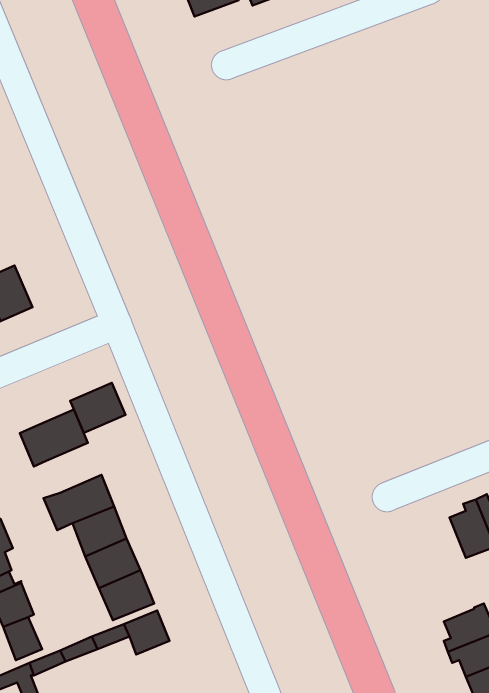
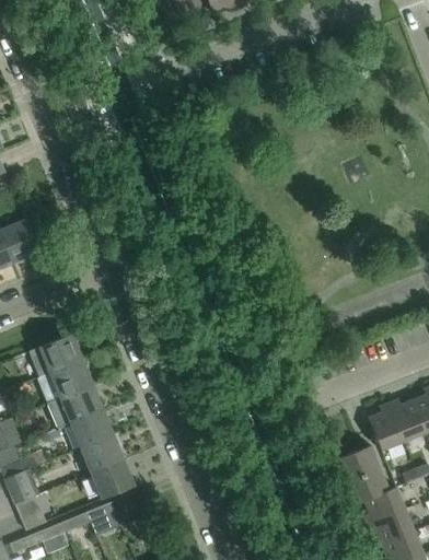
building: [70,383,126,433] -> [49,359,93,398]
building: none -> [335,445,387,504]

